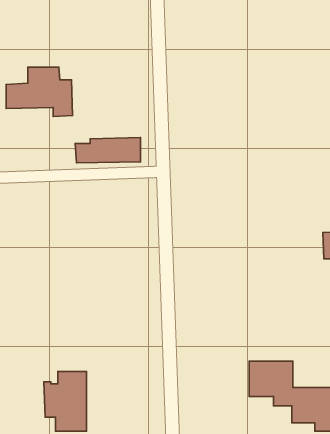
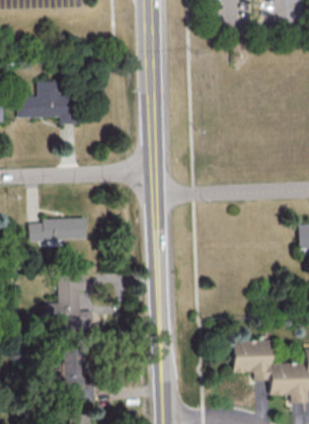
building: [75,138,141,163] -> [28,218,86,240]
building: none -> [48,274,93,328]

